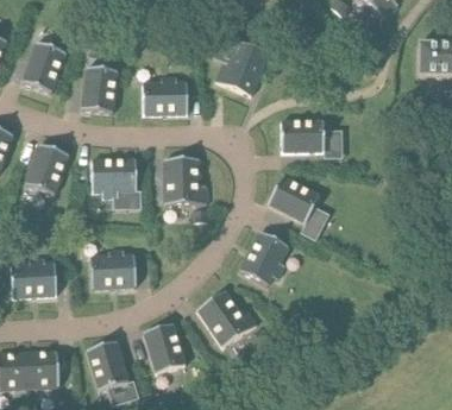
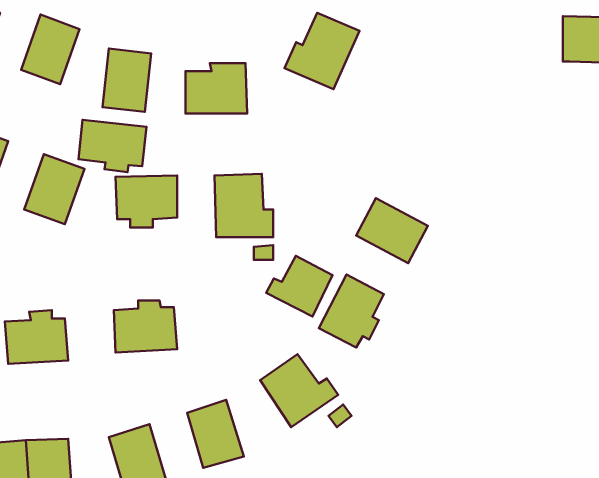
building: none -> [79,120,146,172]
building: [281,120,325,151] -> none
building: none -> [266,256,333,317]

